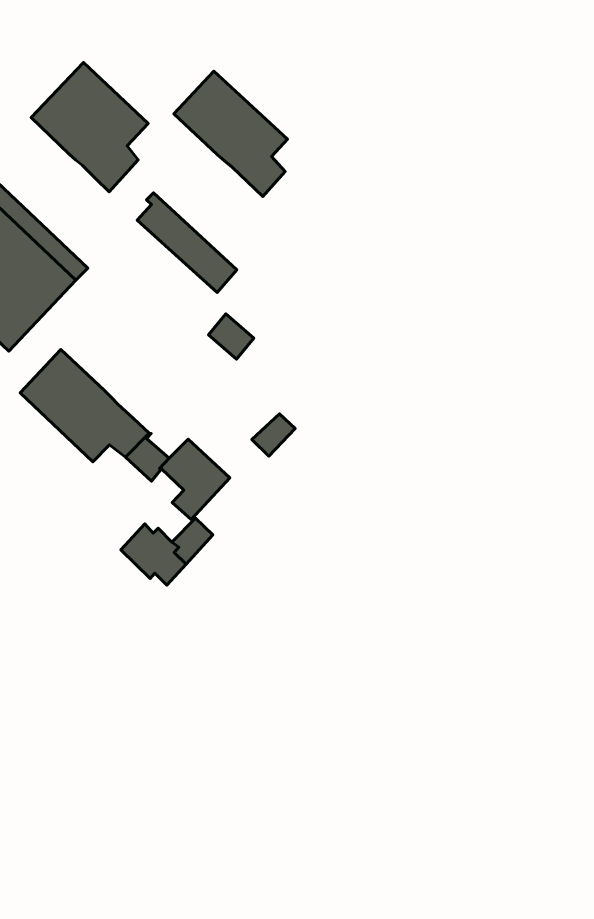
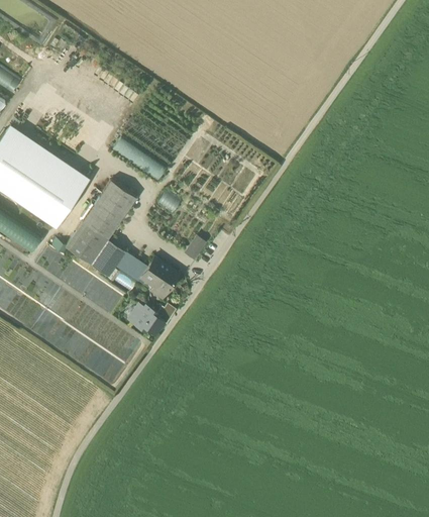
building: [31,63,148,192] -> none
building: [174,71,287,196] -> none
building: none -> [82,181,135,239]

